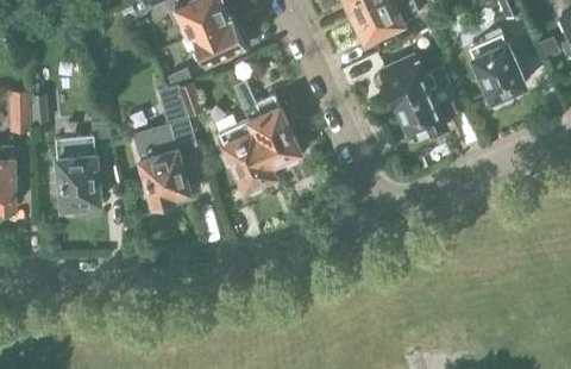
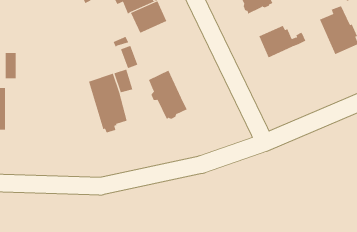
building: [393,77,462,144] -> none
building: [234,82,301,167] -> none
building: [56,123,112,214] -> none

